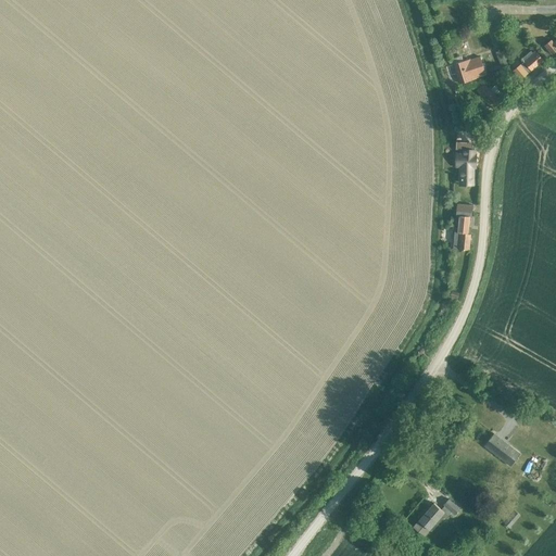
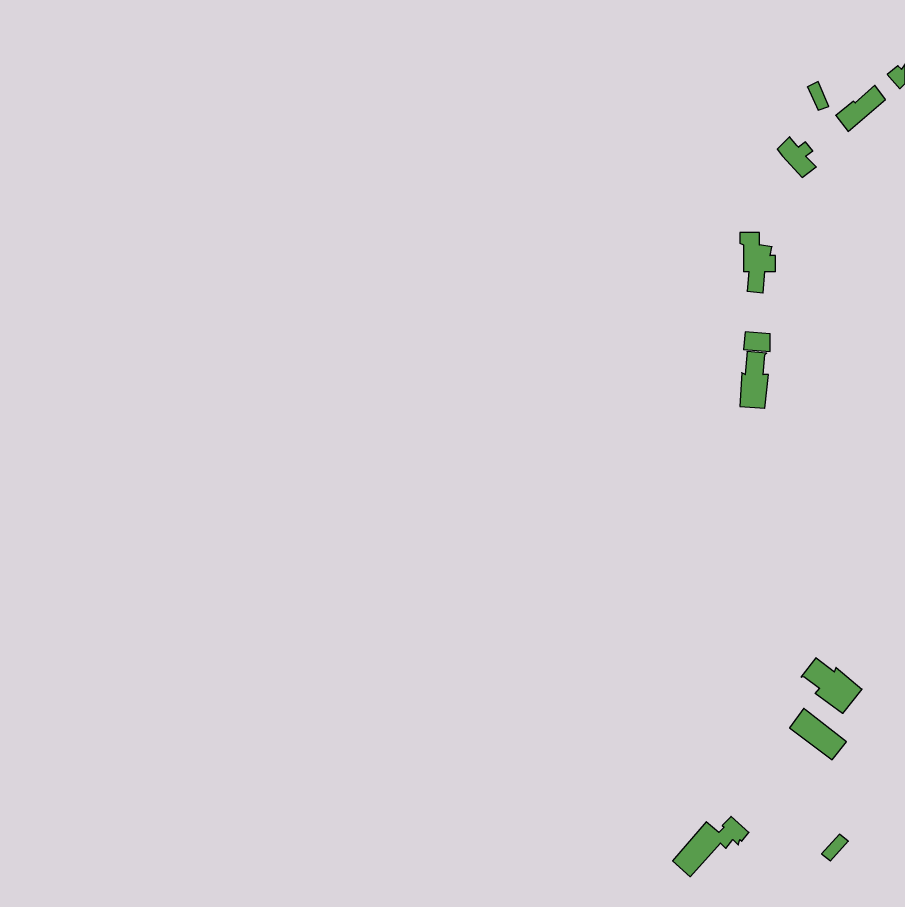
building: [453,56,484,84] -> none
building: none -> [801,658,862,713]

